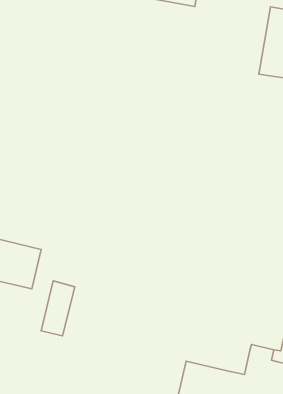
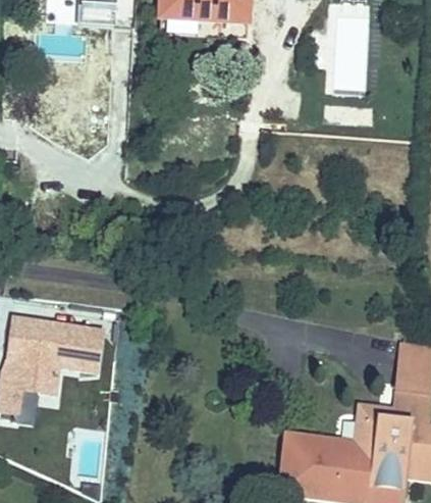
building: [41,281,75,336] -> none

